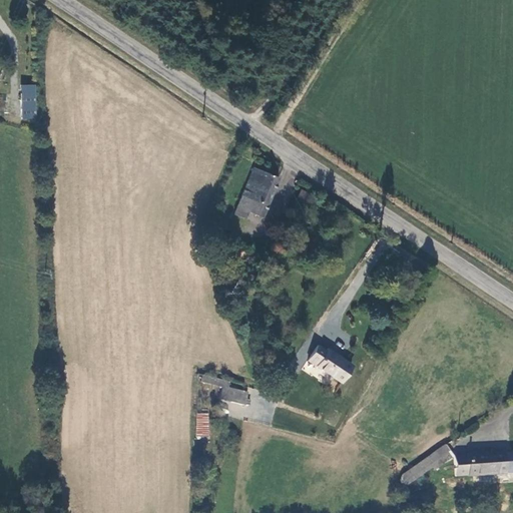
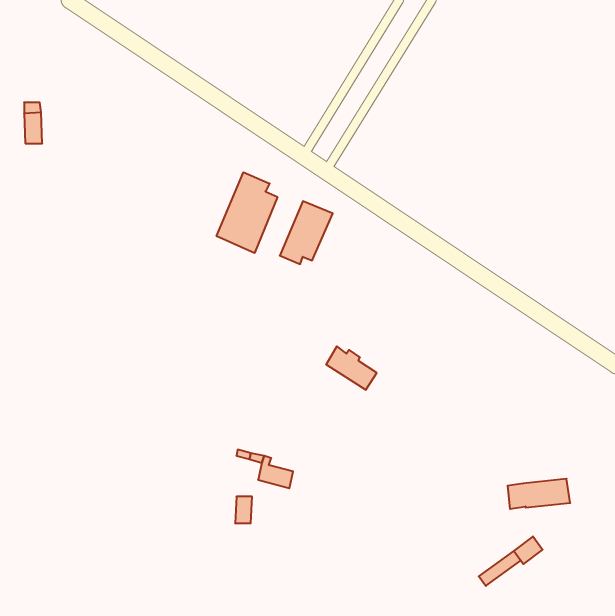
building: none -> [217,172,277,253]
building: [312,345,354,381] -> [326,346,377,390]
building: [454,455,506,480] -> [507,479,570,509]

